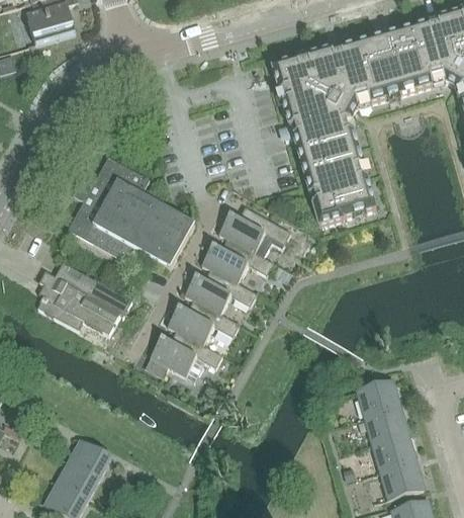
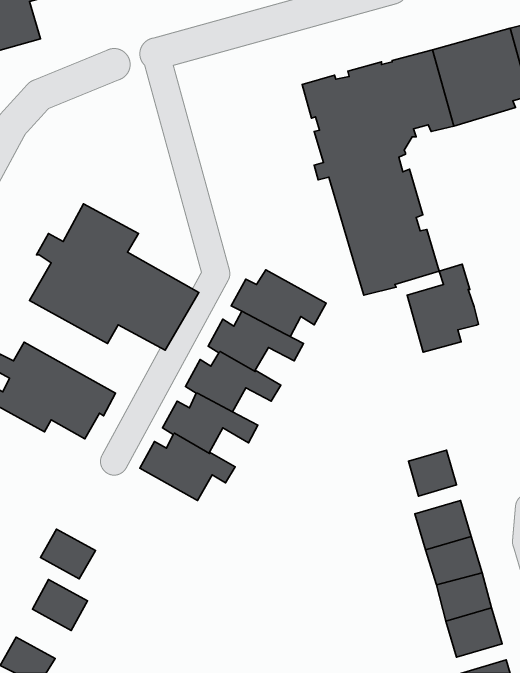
building: none -> [407,264,479,352]
building: none -> [408,450,457,496]
building: [57,461,98,499] -> [40,529,95,579]

